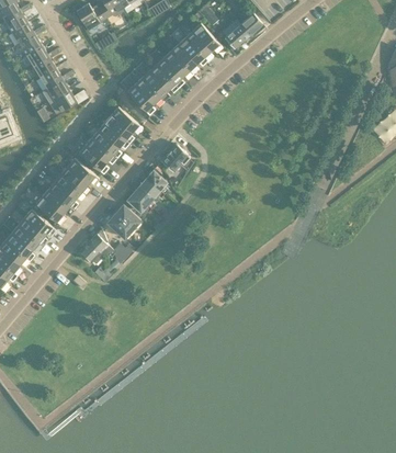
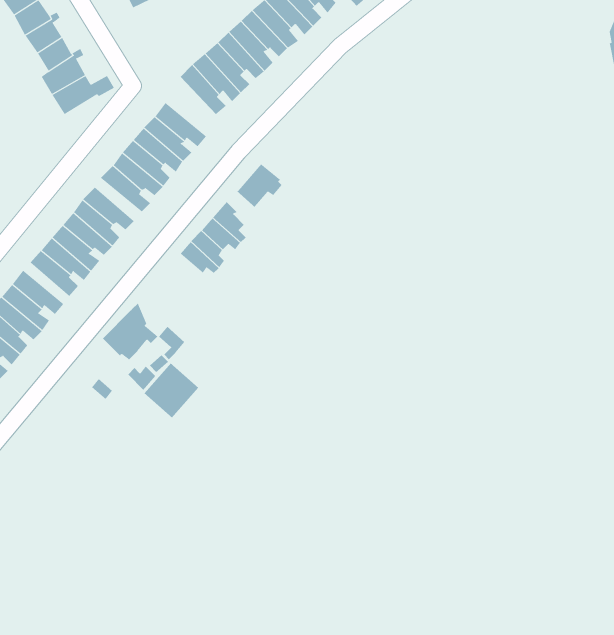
building: [106,204,140,238] -> [143,363,199,419]

